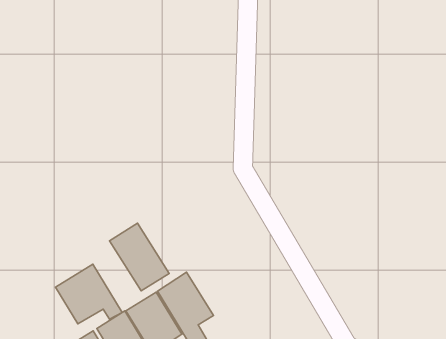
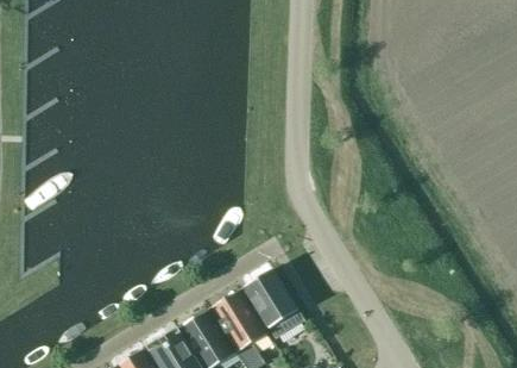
building: [110,223,169,291] -> [244,270,304,339]
building: [55,264,122,324] -> none

